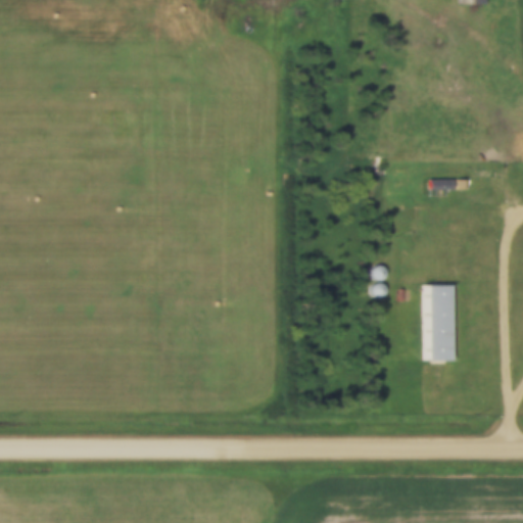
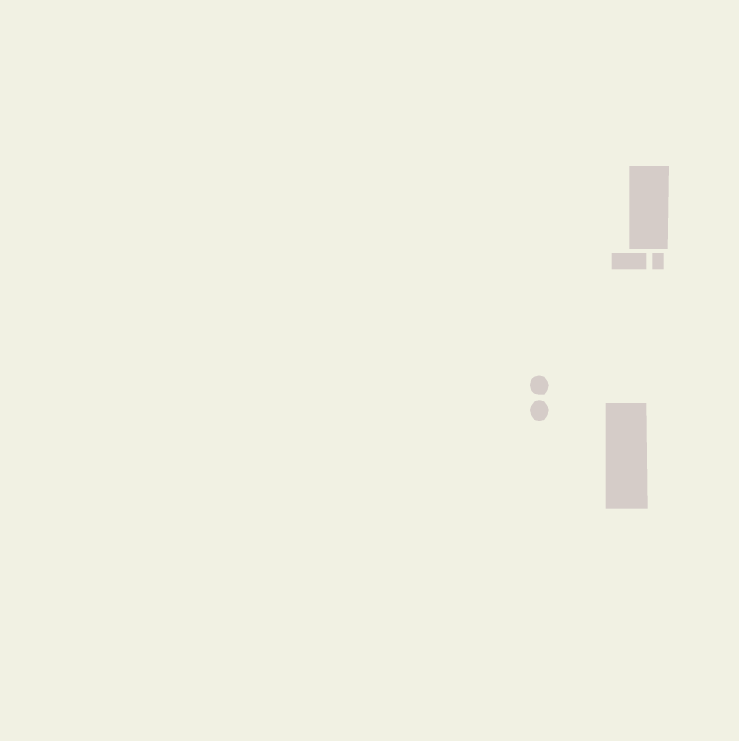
building: none -> [629,165,669,250]

